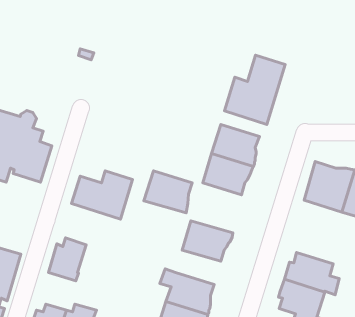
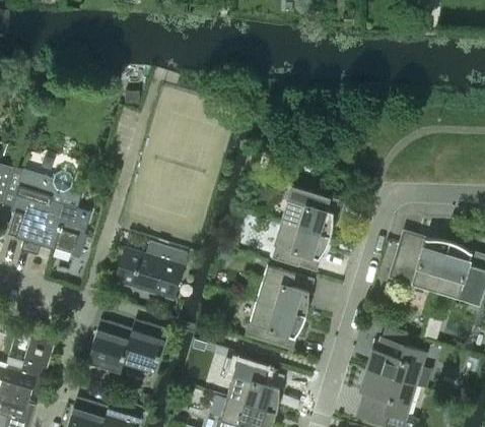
building: [224,55,285,124] -> none
building: [144,171,192,213] -> [256,265,313,315]
building: none -> [122,321,167,372]

